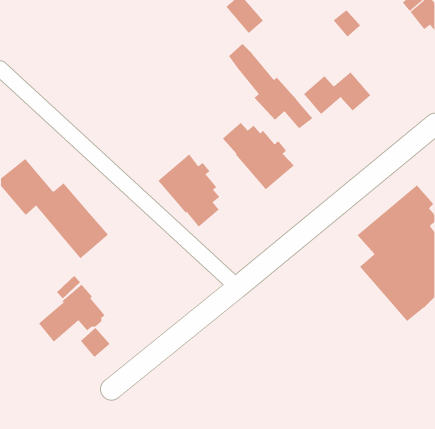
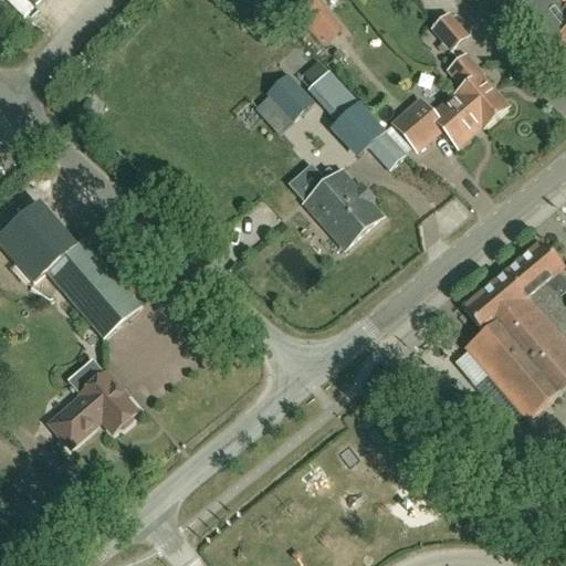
building: none -> [448,52,509,126]
building: none -> [258,72,315,129]
building: [158,154,220,227] -> none
building: [80,327,110,358] -> none

